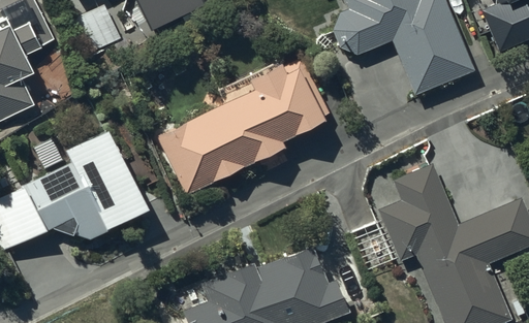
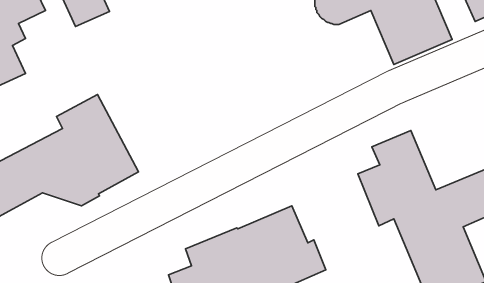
building: [157,60,326,195] -> none

